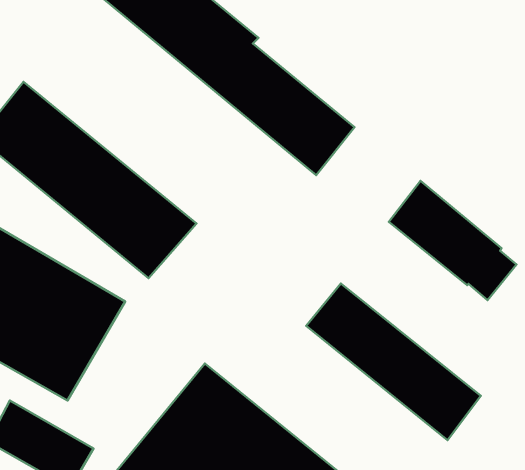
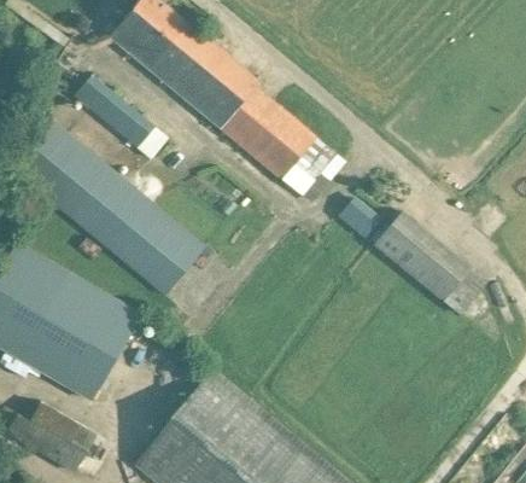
building: none -> [72,74,166,157]
building: none -> [338,194,376,234]
building: [306,284,481,440] -> none

